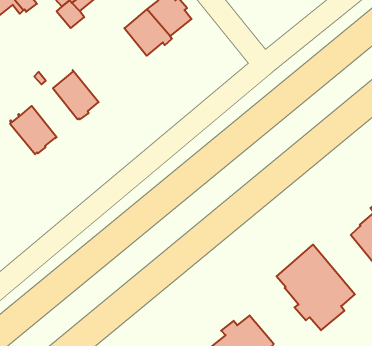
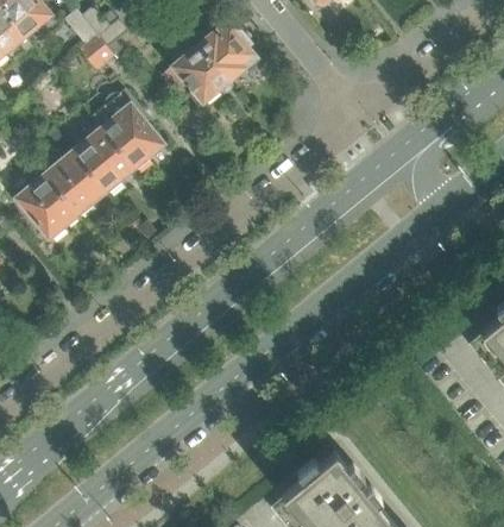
building: none -> [93,88,164,168]
building: none -> [36,148,107,214]
building: [277,245,355,330] -> none

